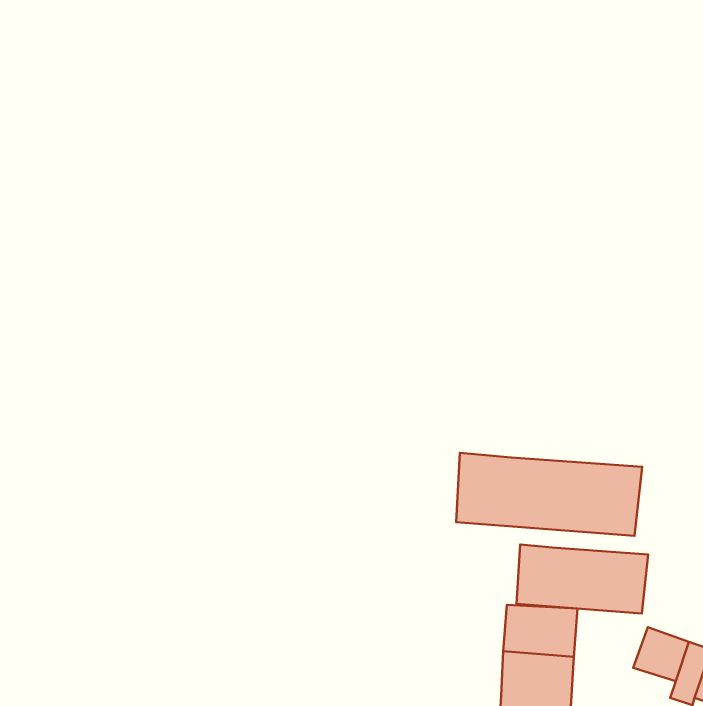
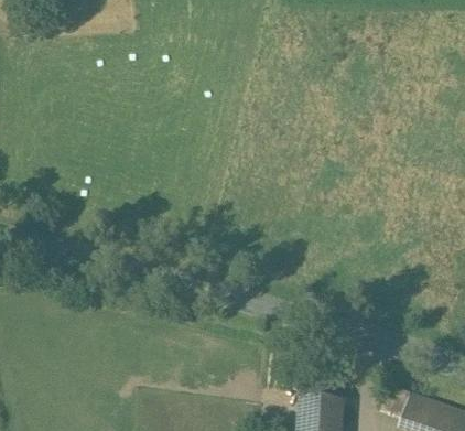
building: [456,453,642,536] -> none
building: [517,545,648,613] -> none

